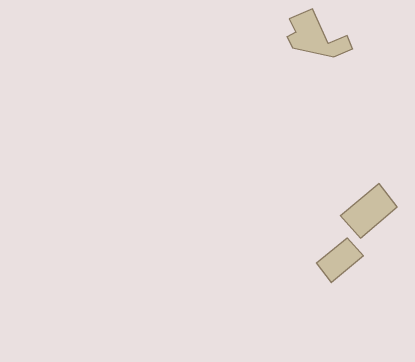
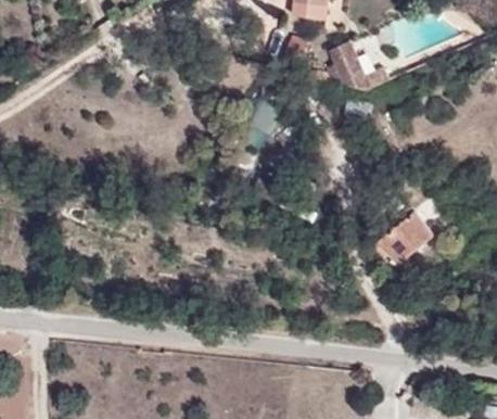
building: [316,238,363,283] -> none

